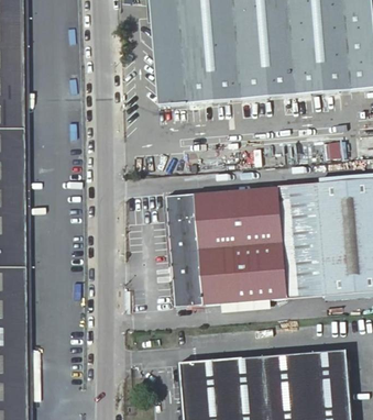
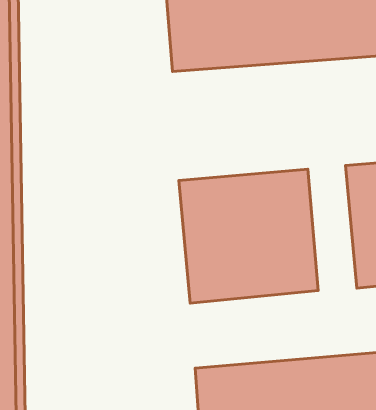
building: [278,186,321,296] -> none

